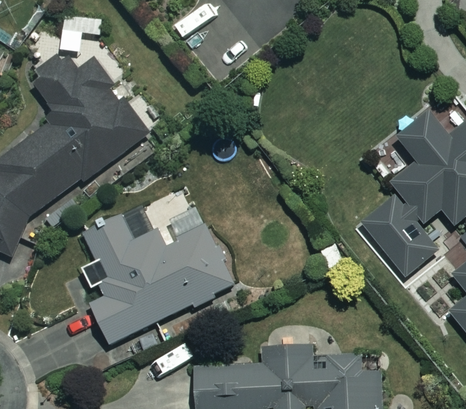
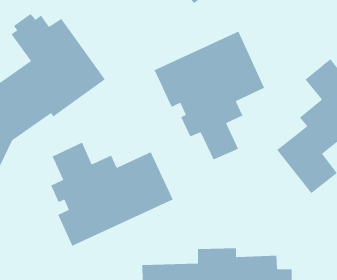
building: none -> [153,31,265,161]

